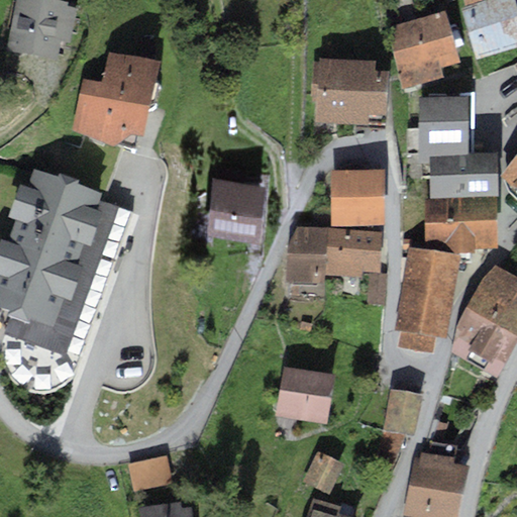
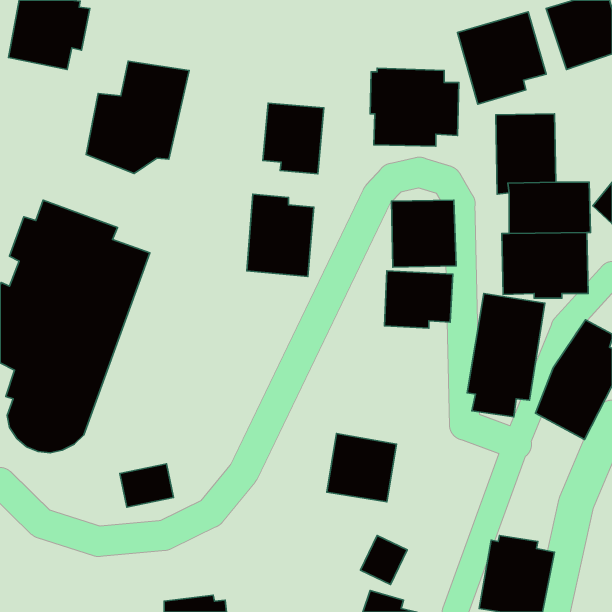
building: none -> [263,103,324,174]
building: [285,227,326,282] -> none
building: [383,390,421,435] -> none
building: [127,455,173,492] -> [120,464,174,507]

